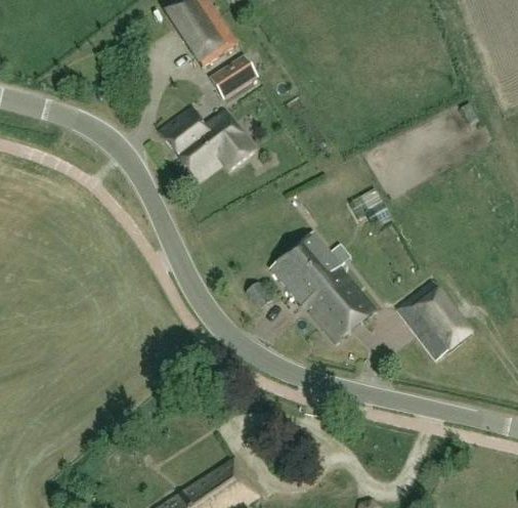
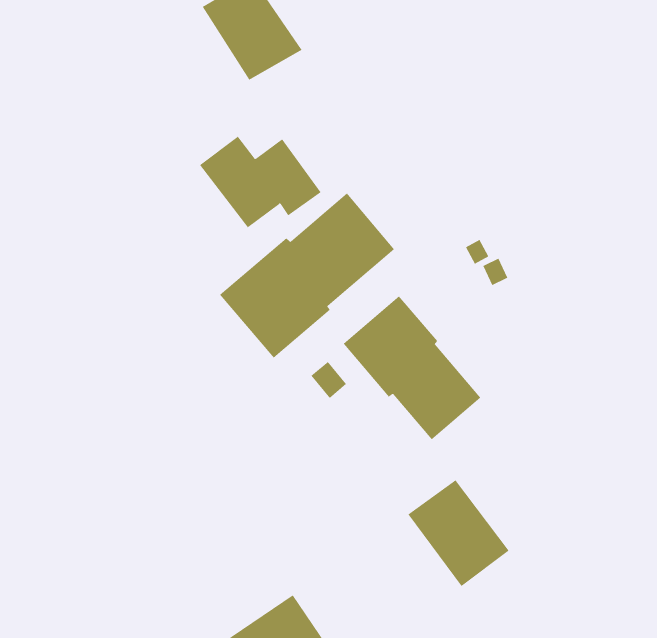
building: [209,54,258,100] -> none
building: none -> [219,193,395,358]
building: [395,280,473,362] -> [407,479,509,587]

